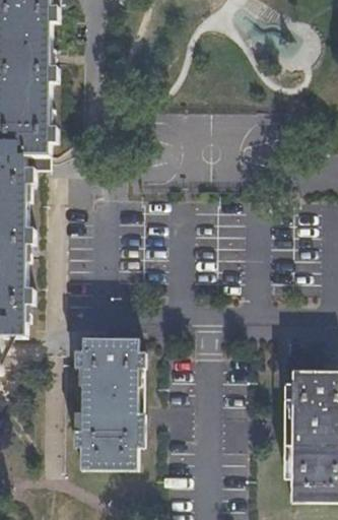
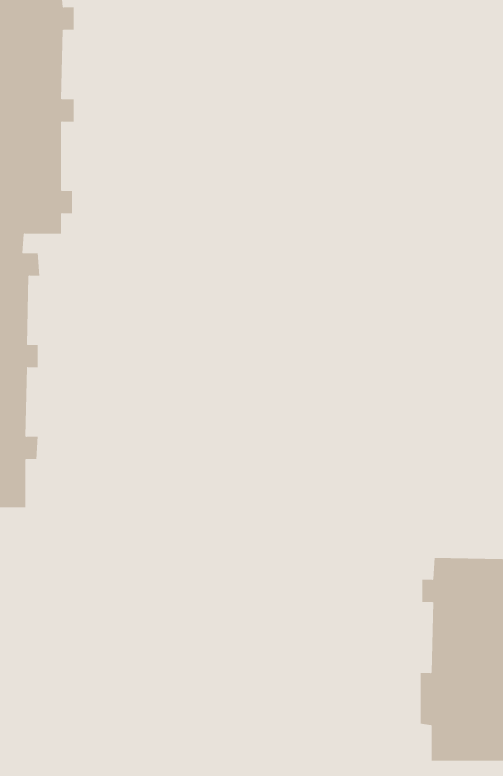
building: [72,337,145,468] -> none

